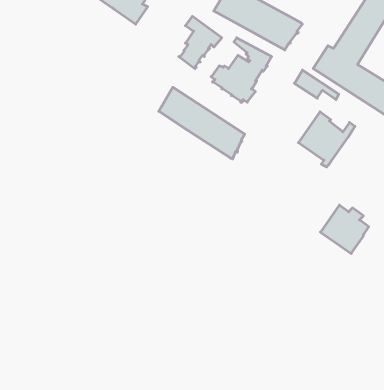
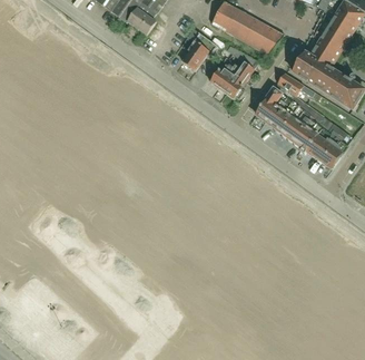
building: [159,87,245,159] -> none
building: none -> [255,88,298,133]
building: [320,205,369,254] -> [306,128,346,168]

